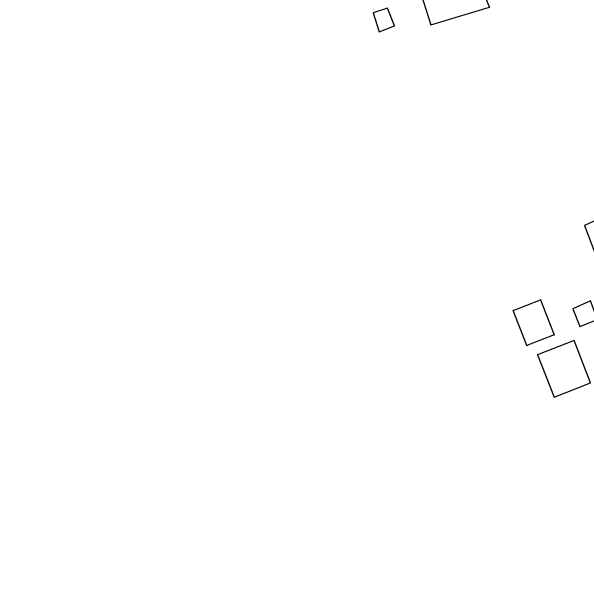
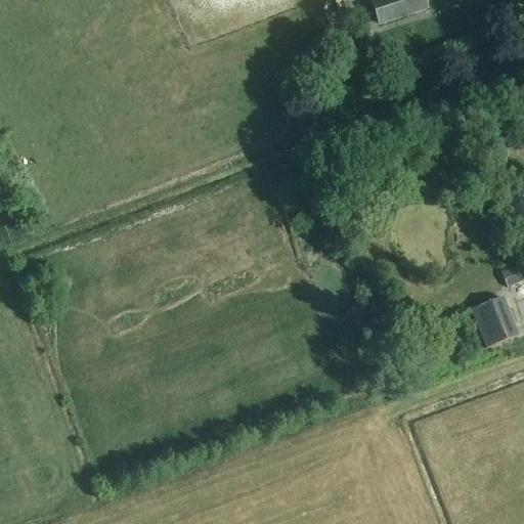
building: [513,300,554,346] -> none

